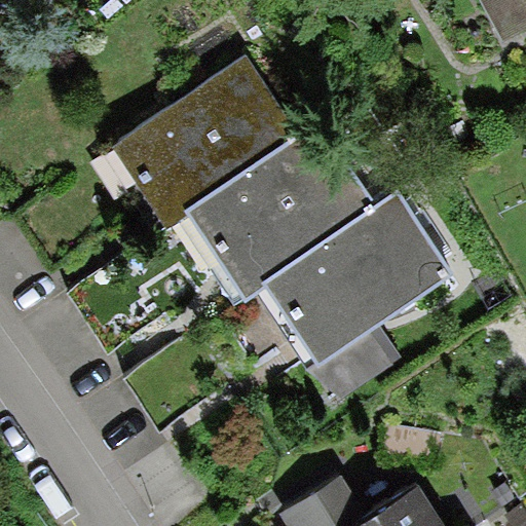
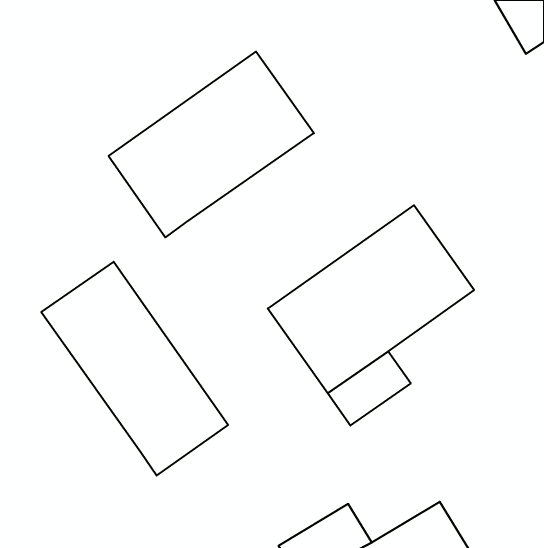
building: [178,118,378,305] -> none
building: none -> [41,262,228,476]

